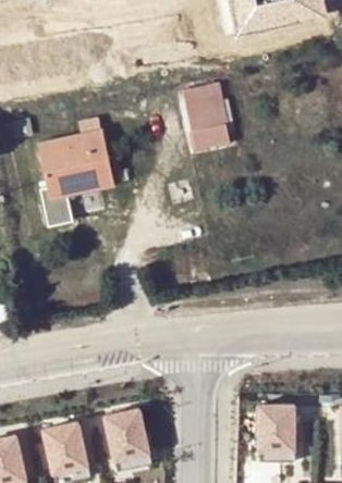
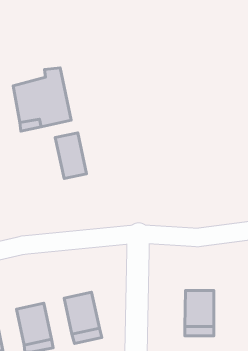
building: [183,86,227,153] -> none
building: none -> [55,133,87,178]

